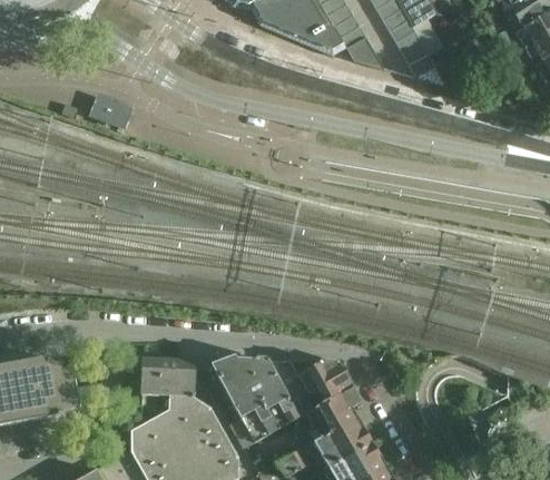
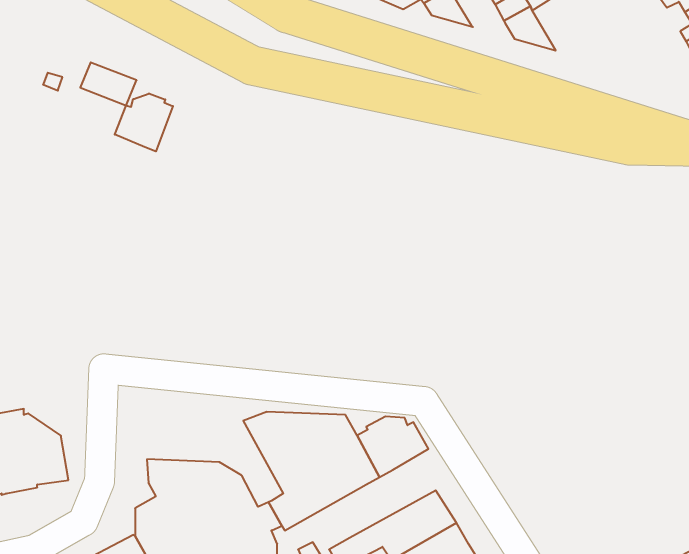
building: none -> [115,93,173,151]
building: [139,357,196,395] -> none
building: [287,385,360,452] -> none

